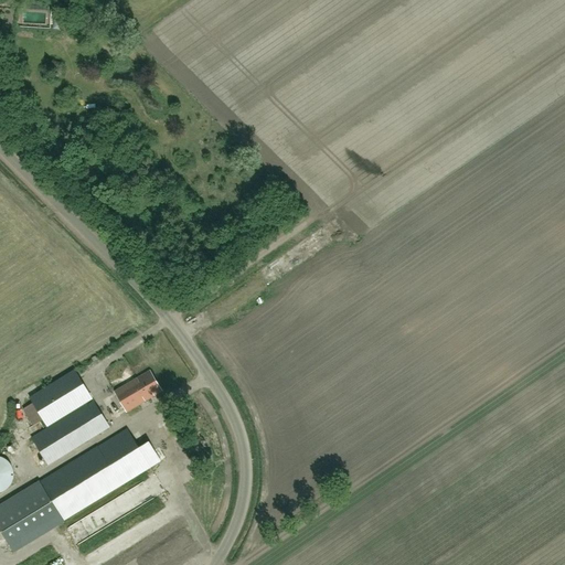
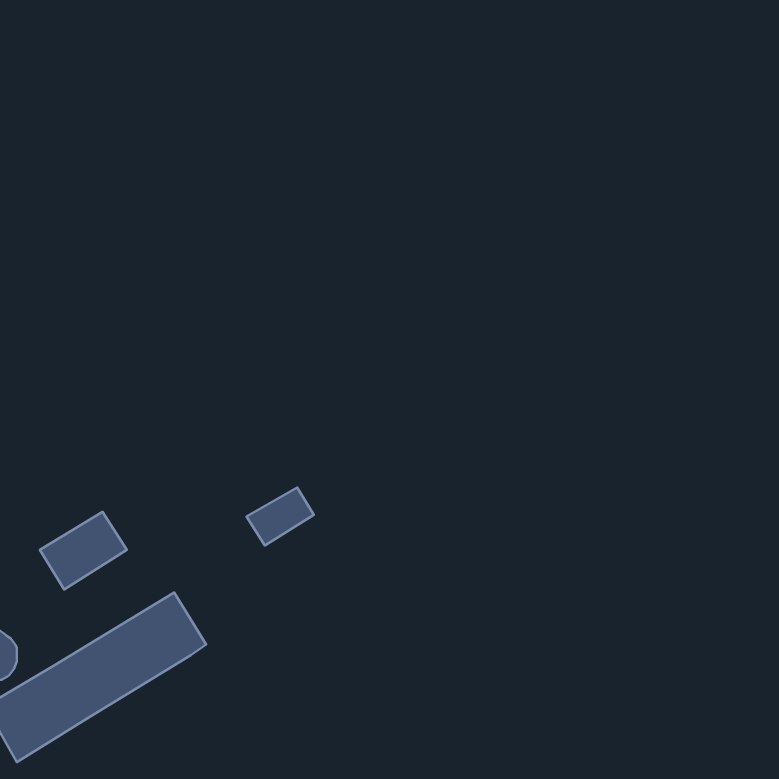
building: [113,370,161,412] -> [247,487,314,546]
building: [31,401,108,465] -> none

